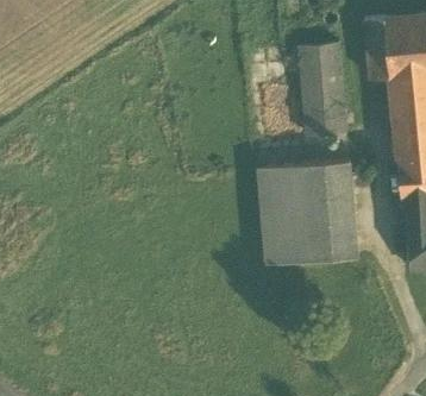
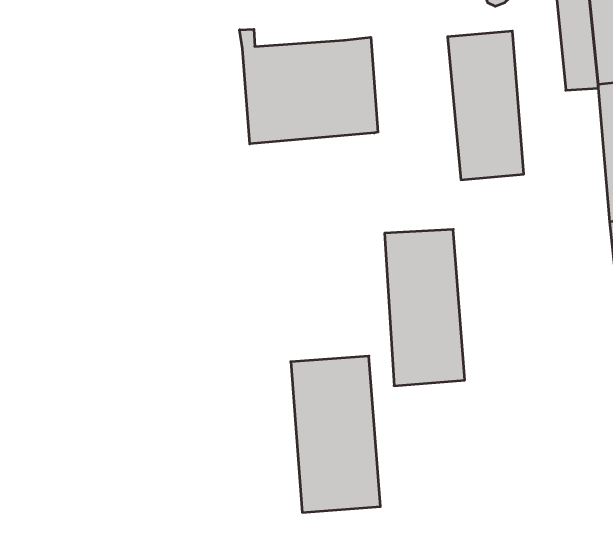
building: none -> [240,29,378,144]
building: [301,164,357,262] -> [291,356,380,512]

